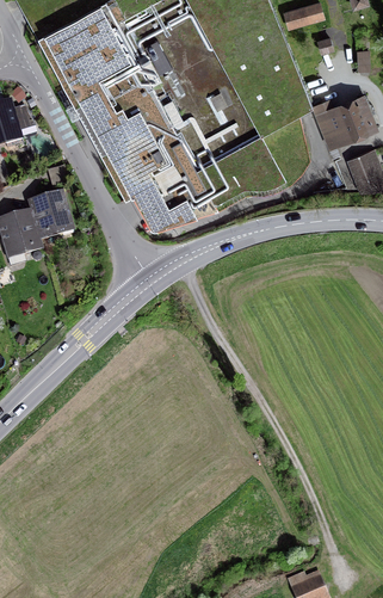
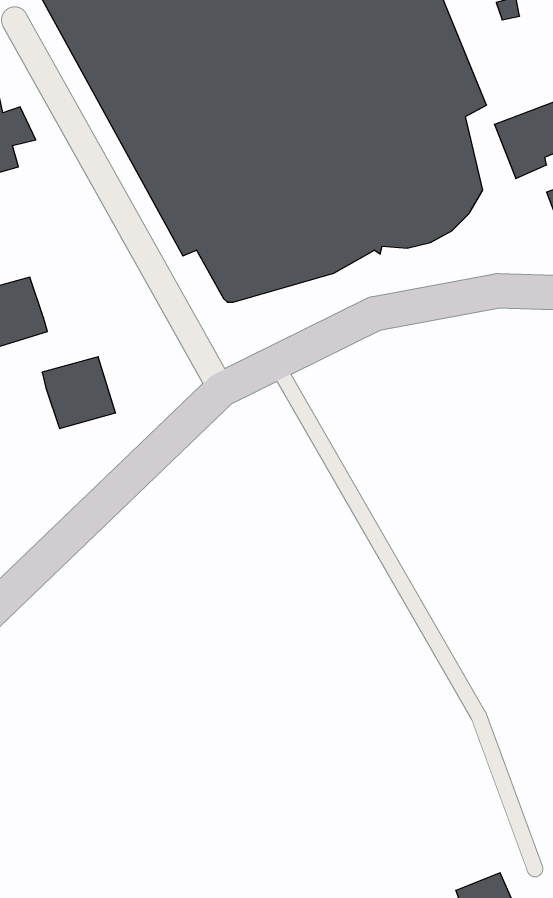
building: [27,191,73,235] -> [42,357,116,428]

